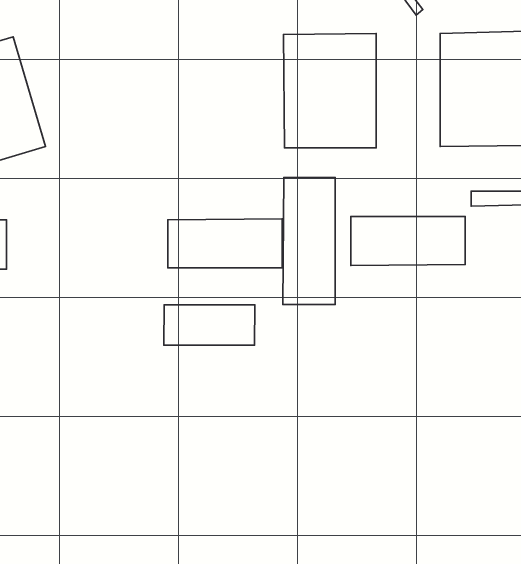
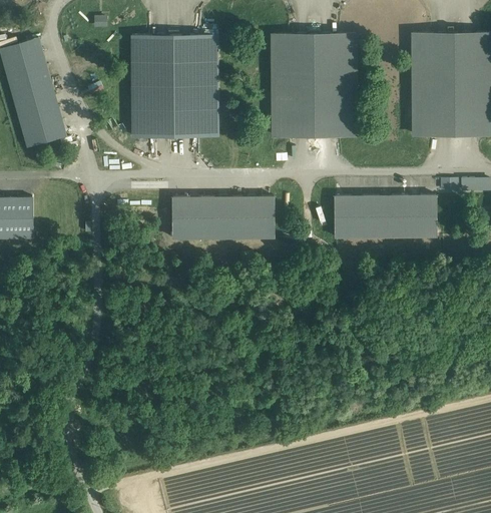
building: none -> [132,36,214,136]
building: [283,177,335,305] -> none
building: [164,305,255,345] -> none

